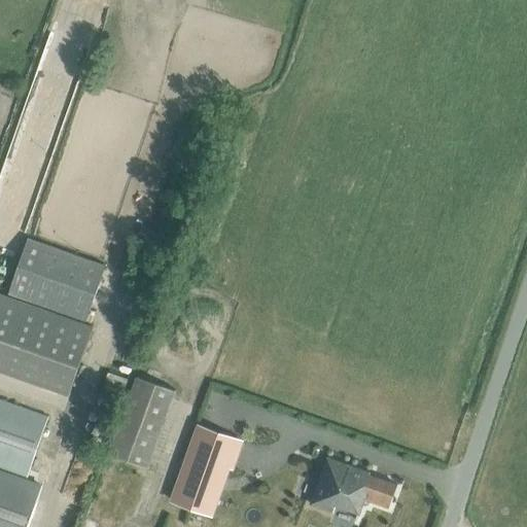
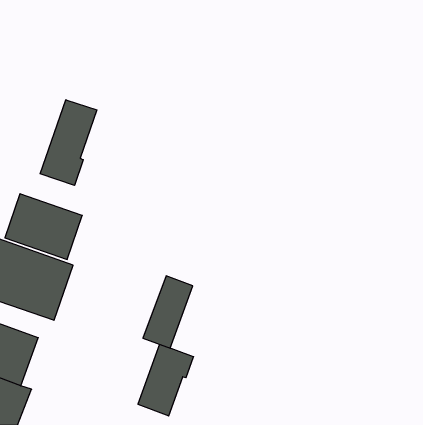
building: none -> [40,100,97,185]
building: [113,376,175,465] -> [143,276,193,348]
building: [309,457,395,520] -> none

